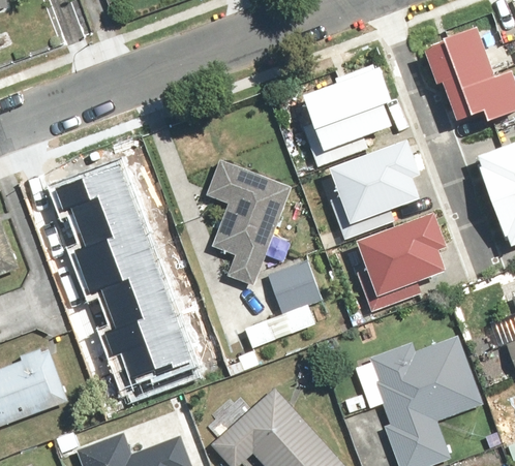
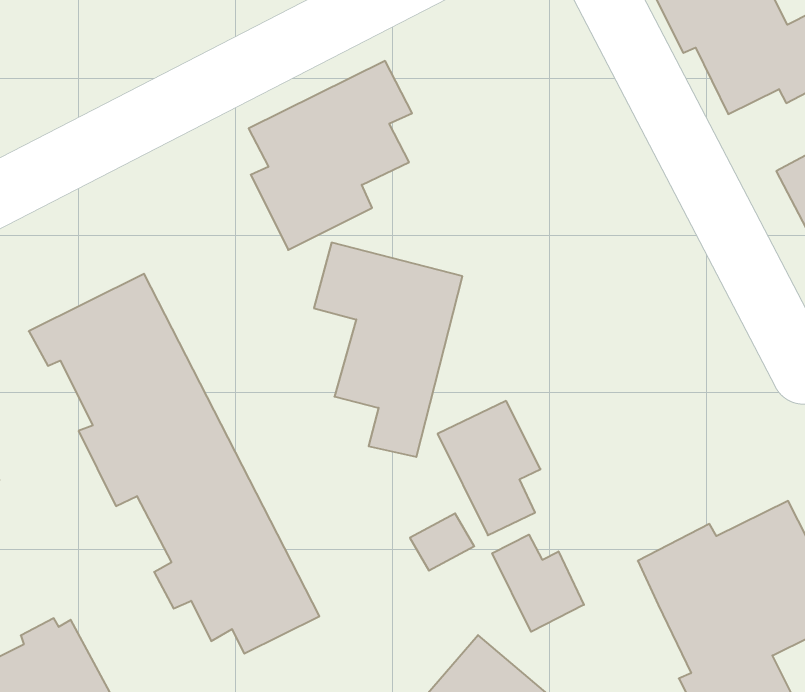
building: [298,63,392,161] -> [249,61,412,250]
building: [325,136,419,235] -> none
building: [352,208,446,307] -> none
building: none -> [492,535,584,632]

